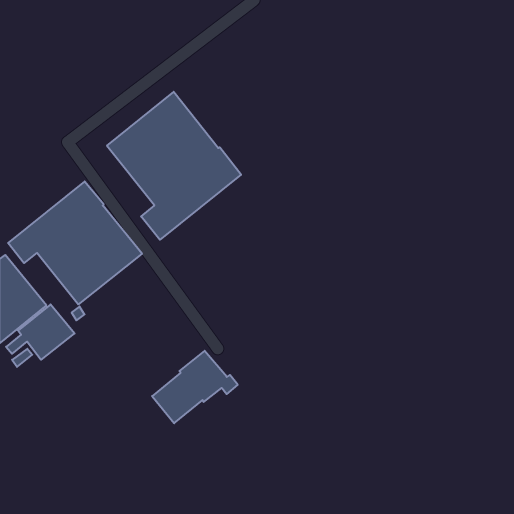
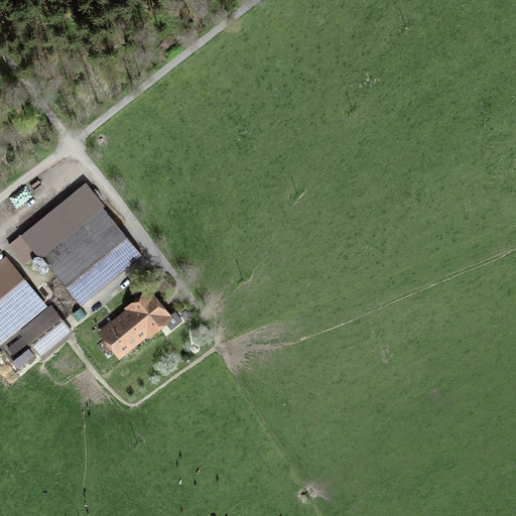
building: [107,92,241,240] -> none
building: [152,351,238,423] -> [96,287,181,360]

